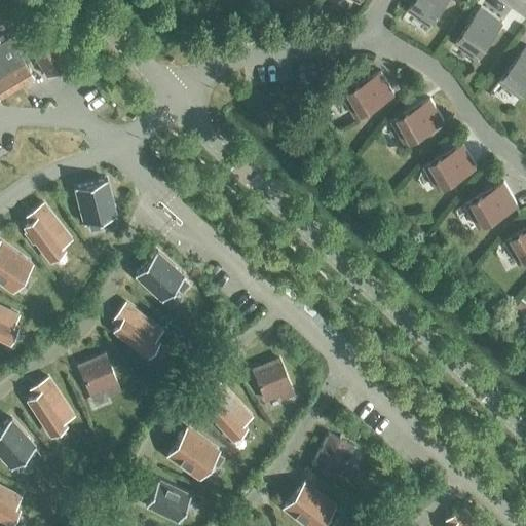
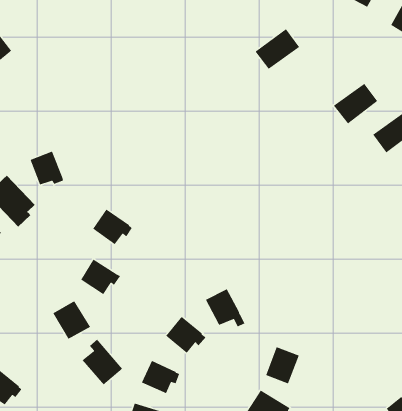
building: [393,100,445,145] -> none
building: [28,379,74,434] -> [82,339,123,386]

